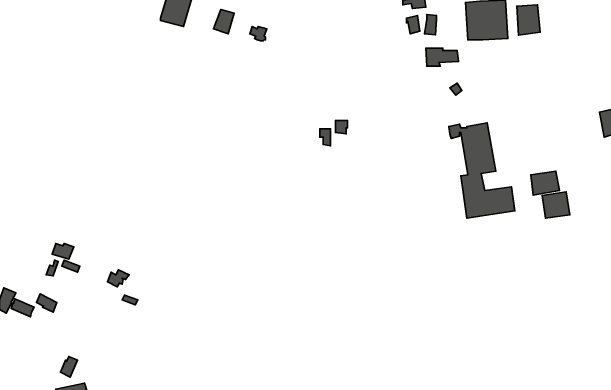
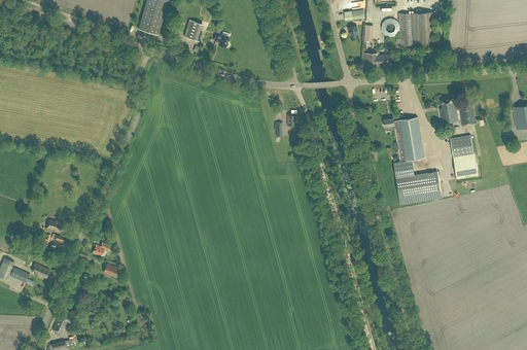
building: [517,5,540,35] -> none
building: none -> [440,99,476,127]
building: [542,192,570,218] -> [450,135,473,157]

